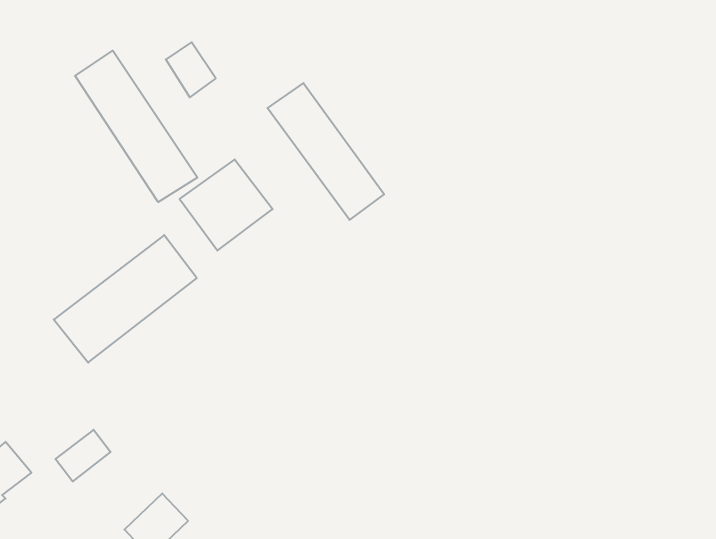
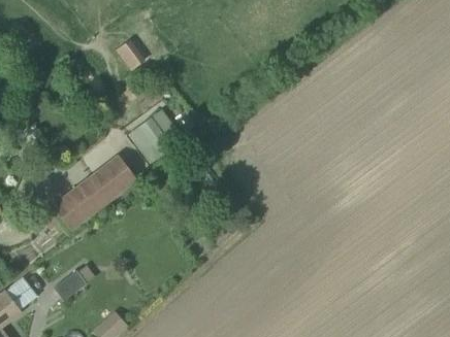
building: [75,51,197,202] -> none
building: [267,83,384,220] -> none

